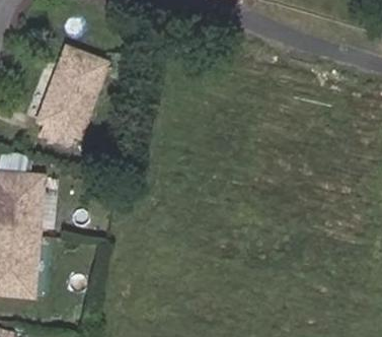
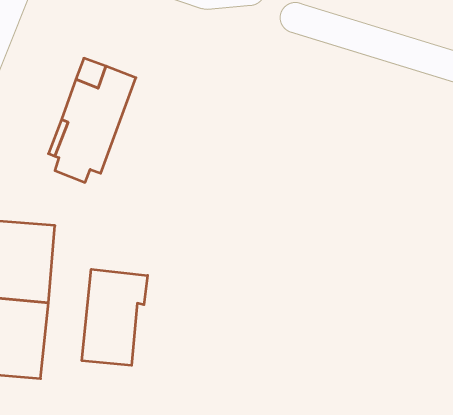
building: none -> [82,269,148,365]

